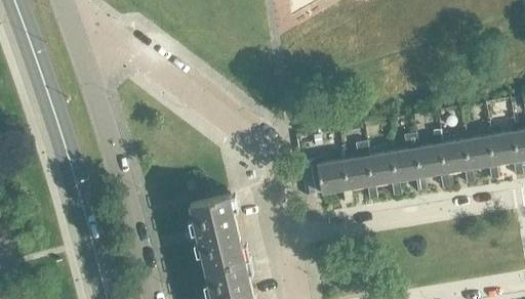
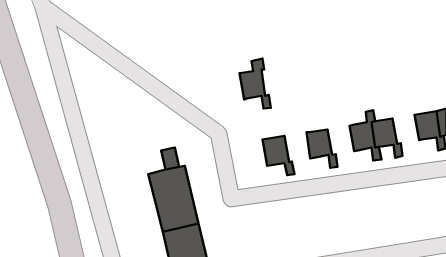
building: [389,136,425,193] -> none
building: [461,137,497,180] -> none
building: [340,144,375,201] -> [240,58,271,109]

